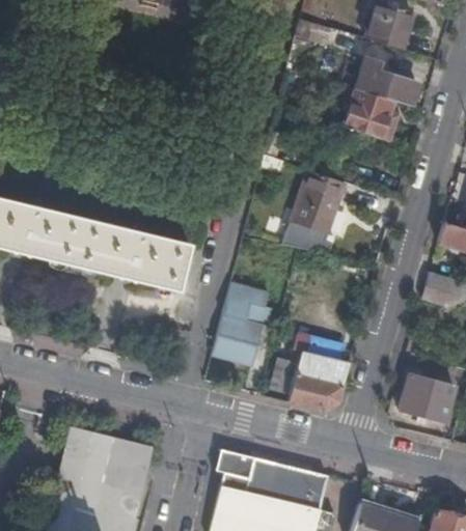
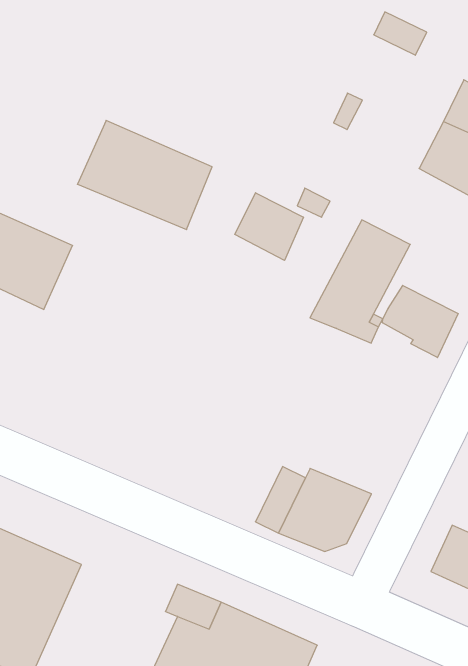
building: none -> [235,193,303,260]
building: none -> [383,285,458,358]
building: [93,223,187,290] -> [77,120,212,230]
building: [211,274,273,365] -> none

